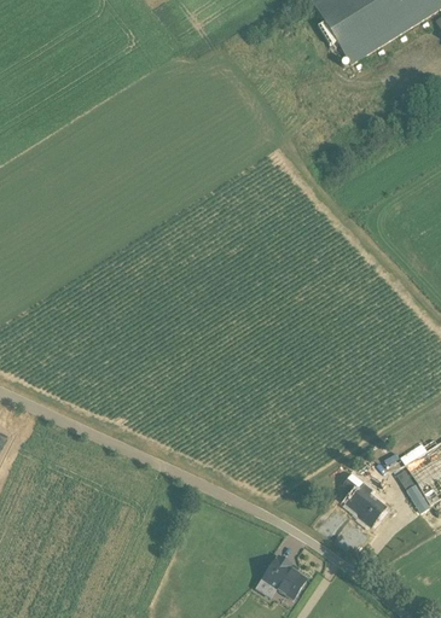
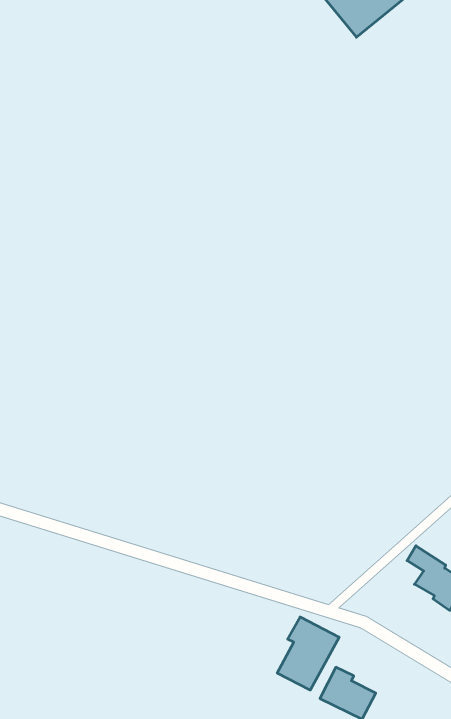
building: none -> [277,617,339,690]

